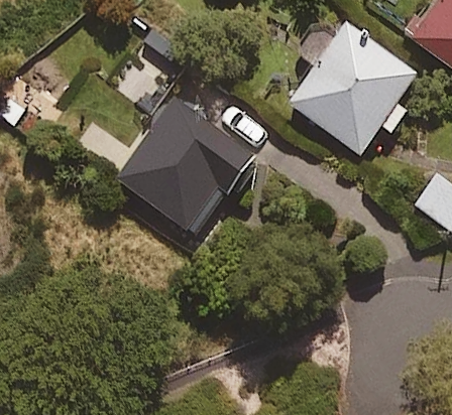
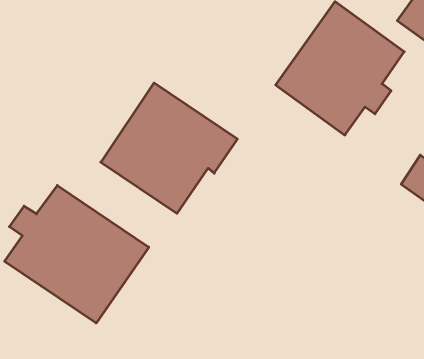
building: none -> [5,185,149,323]

